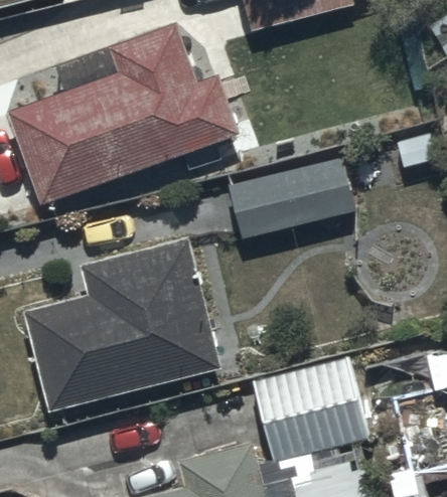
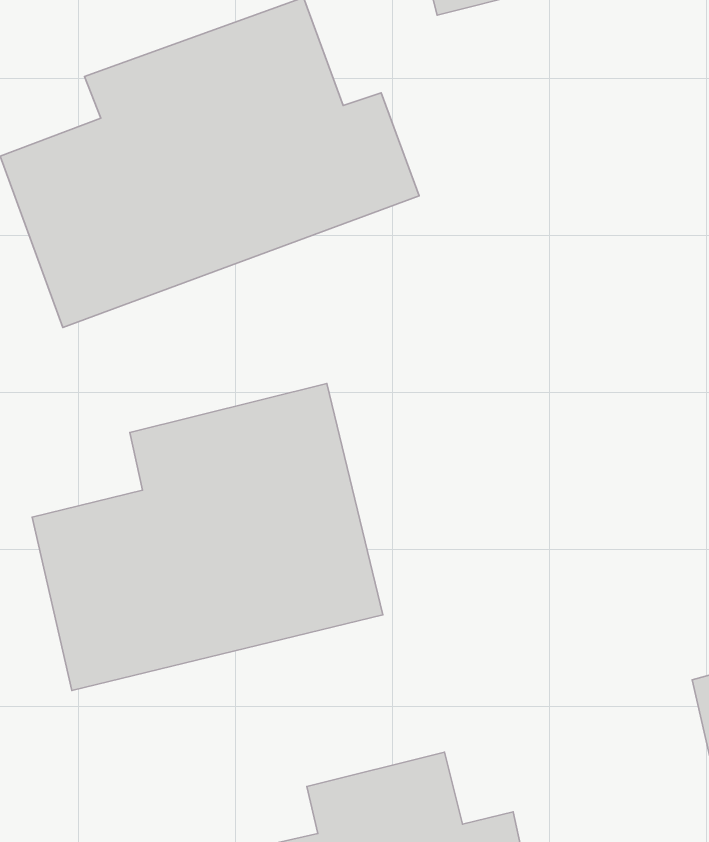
building: [228,157,357,243] -> none
building: [255,357,368,461] -> none

